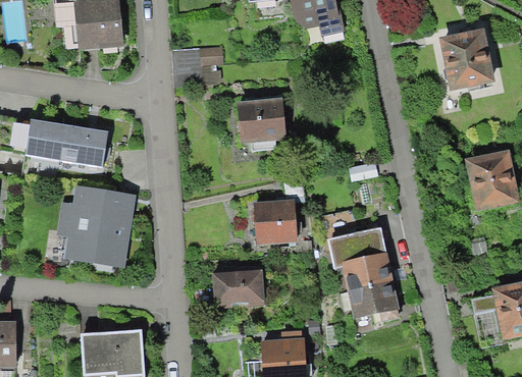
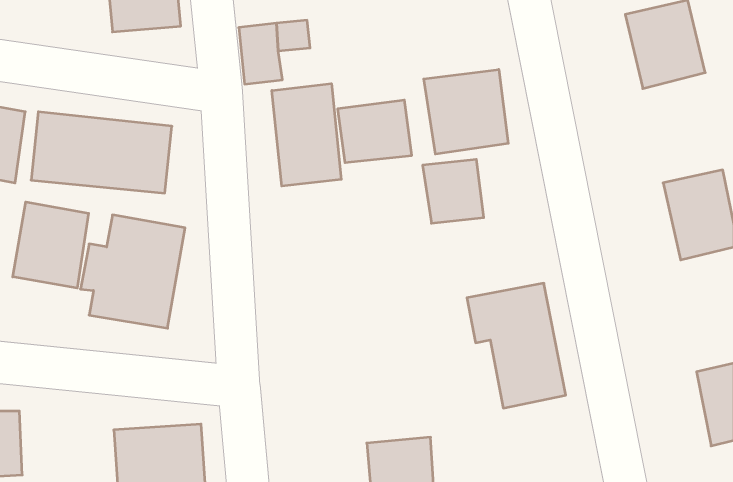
building: none -> [424,69,508,154]
building: none -> [272,84,341,186]
building: none -> [13,202,89,288]
building: [253,199,296,244] -> [423,159,484,223]
building: [214,269,268,307] -> none

